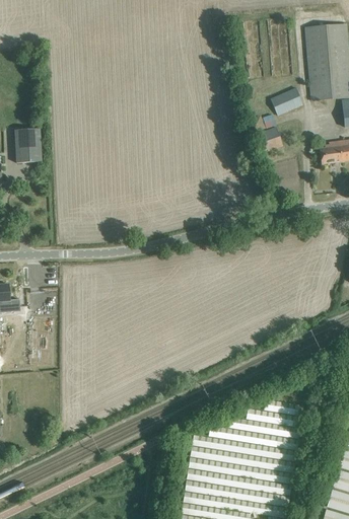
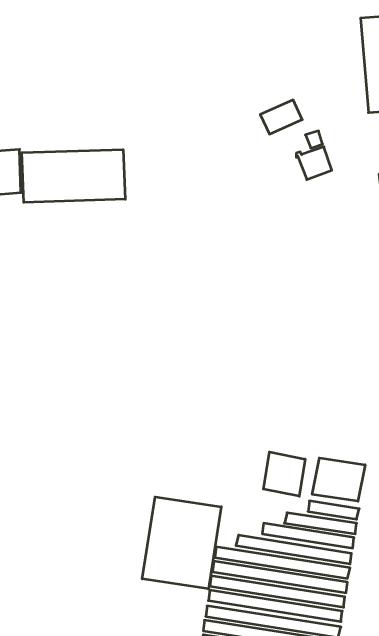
building: [270,89,302,116] -> [260,100,302,134]
building: none -> [22,150,125,202]
building: none -> [263,452,305,496]
building: none -> [312,458,365,501]
building: none -> [142,497,221,589]

